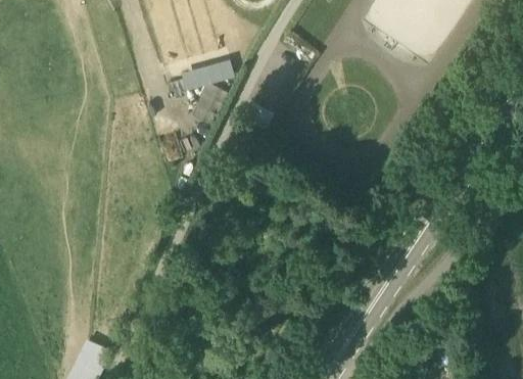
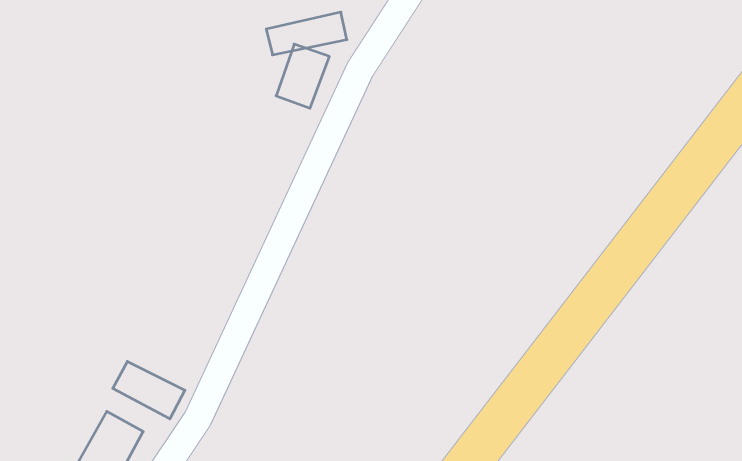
building: none -> [113,361,185,419]

